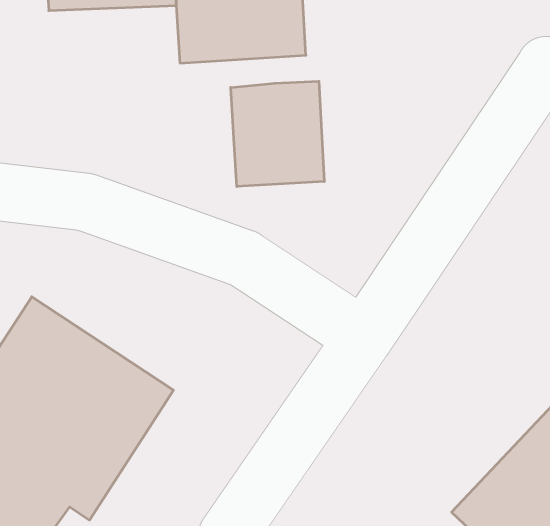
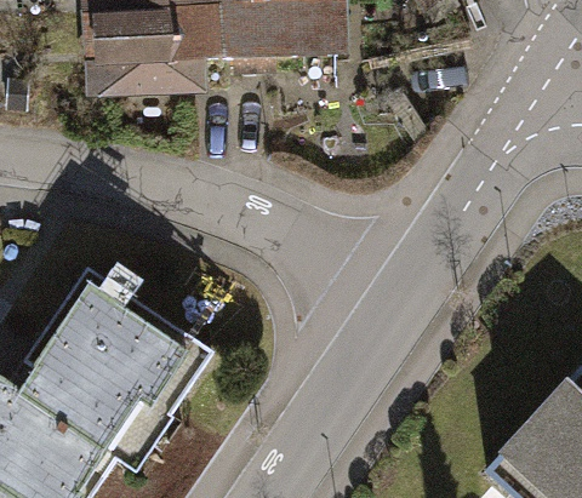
building: none -> [103,6,224,96]
building: [231,81,324,187] -> none

